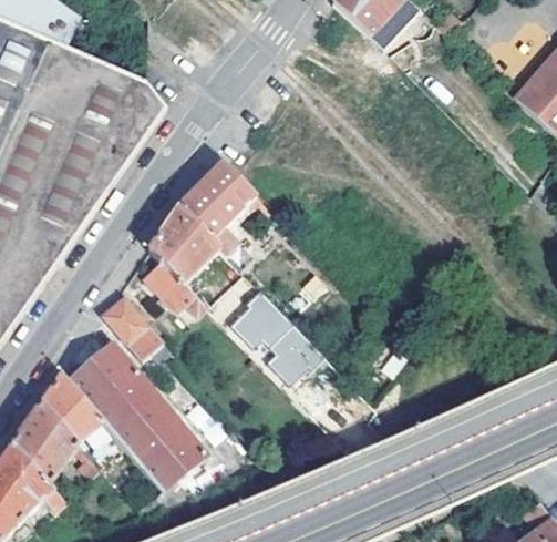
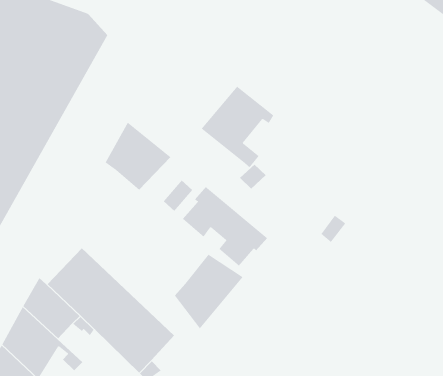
building: [176,161,260,255] -> [201,86,274,168]
building: [140,258,204,314] -> none
building: [101,294,167,358] -> none
building: none -> [174,254,244,329]

